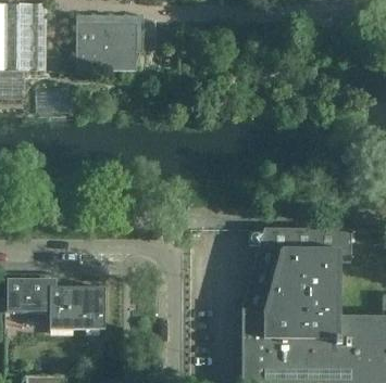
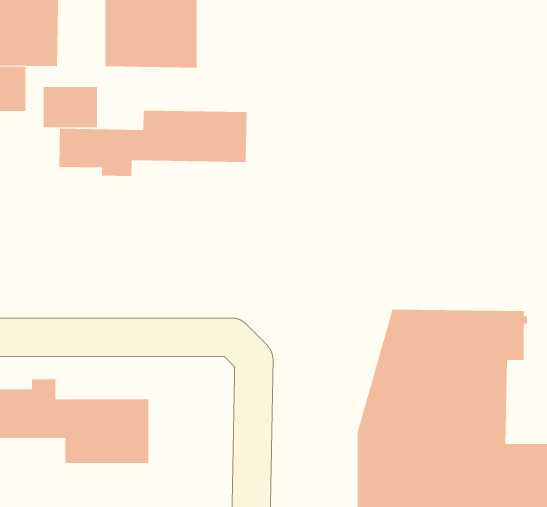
building: none -> [59,110,247,177]

